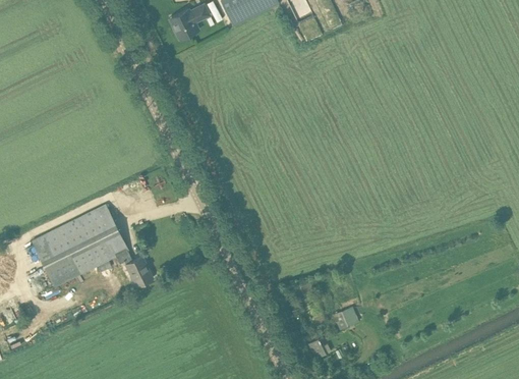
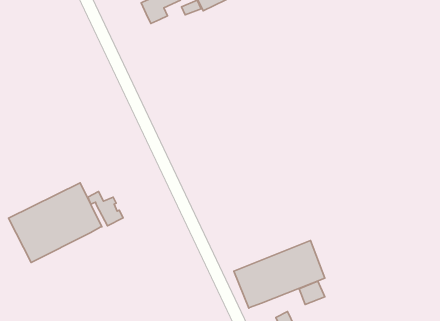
building: [116,250,153,285] -> [88,191,123,226]
building: none -> [234,240,325,308]

